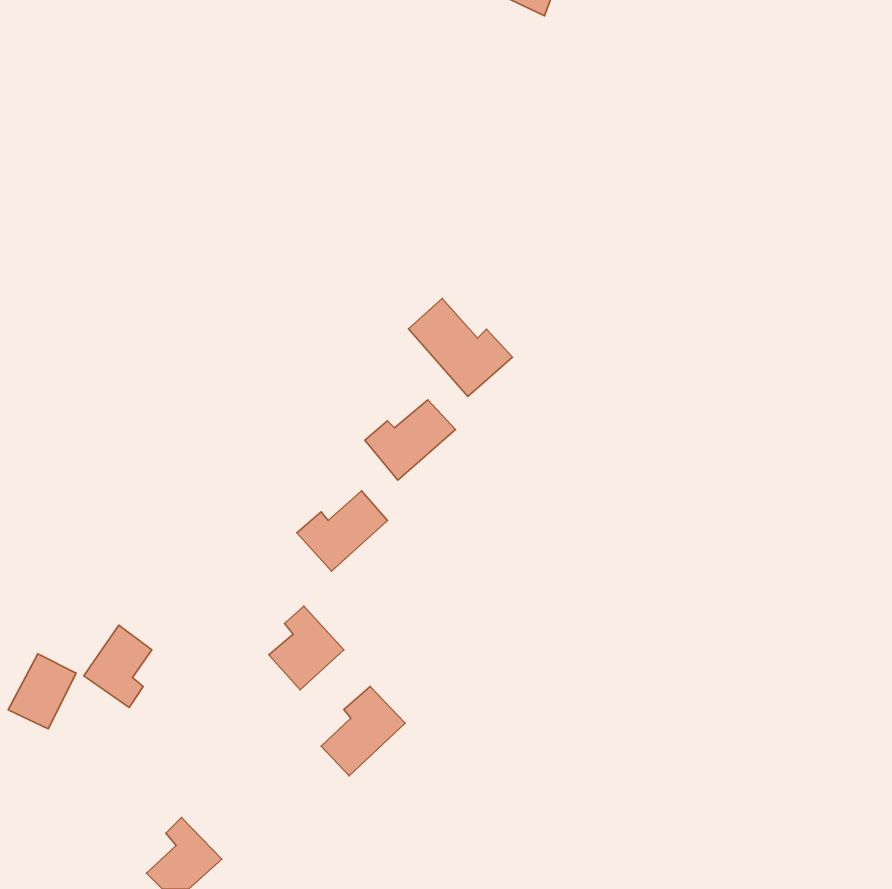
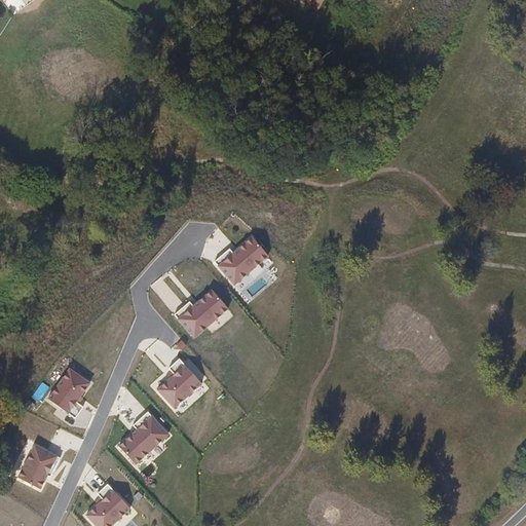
building: [409,298,513,396] -> none
building: [8,654,76,729] -> [18,444,59,488]
building: [321,687,405,776] -> [119,412,168,464]

